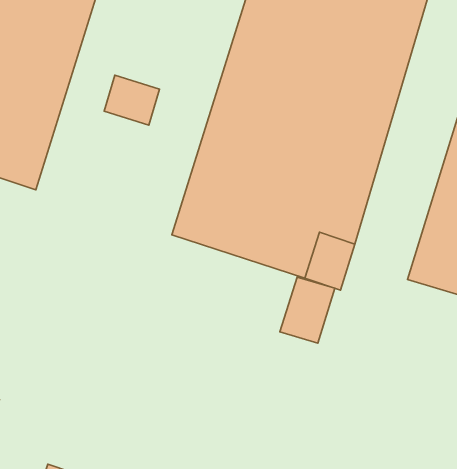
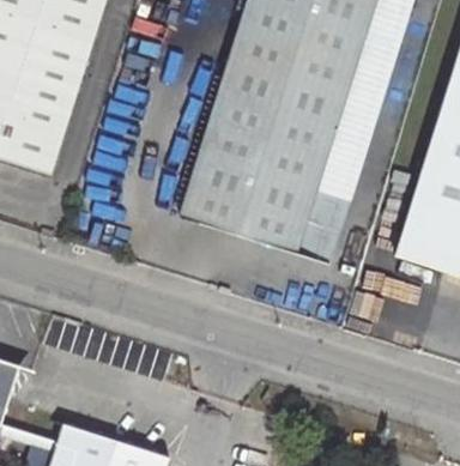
building: [104,75,160,125] -> none
building: [280,277,335,343] -> none

